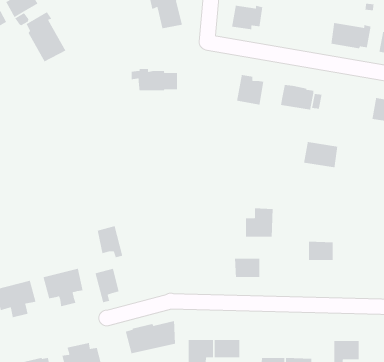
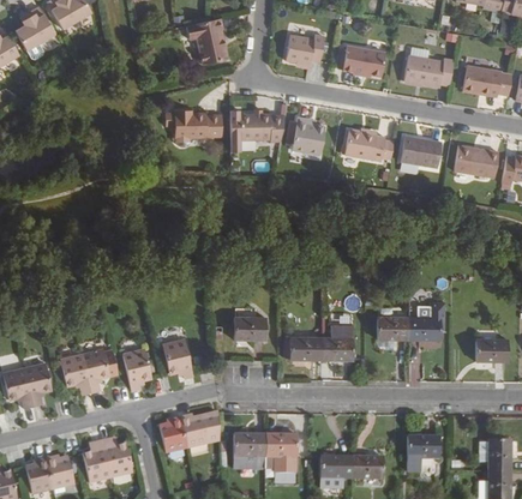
building: [25,11,66,62] -> none
building: none -> [341,46,384,77]
building: none -> [229,110,283,152]
building: [303,141,338,168] -> [398,136,440,168]
building: [245,207,273,238] -> [319,325,353,361]
building: [97,225,123,258] -> [162,339,193,379]
building: none -> [407,302,444,341]
building: none -> [233,317,264,341]

